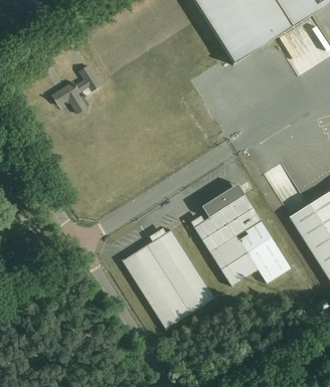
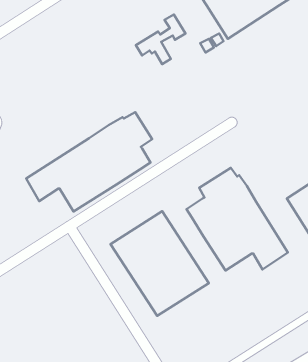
building: [52,65,100,113] -> [136,14,185,64]
building: none -> [26,112,152,211]

